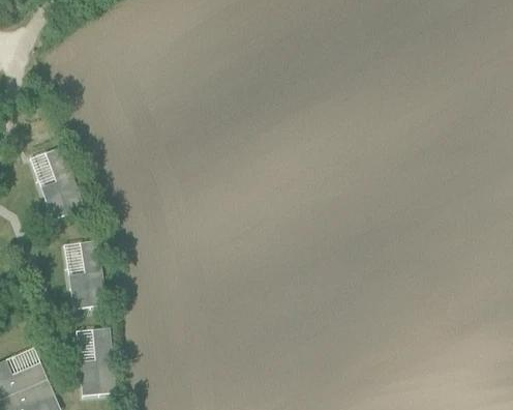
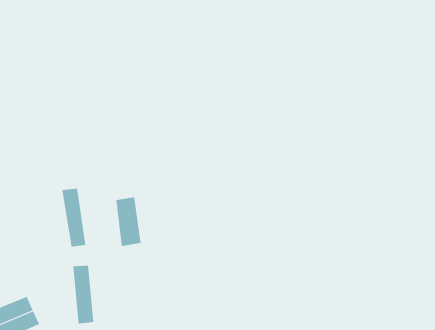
building: [39,145,79,212] -> none
building: none -> [116,196,141,247]

